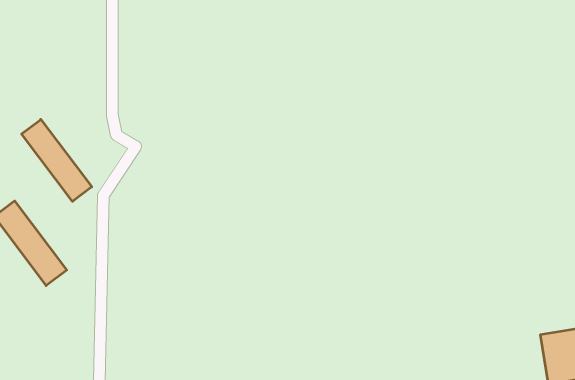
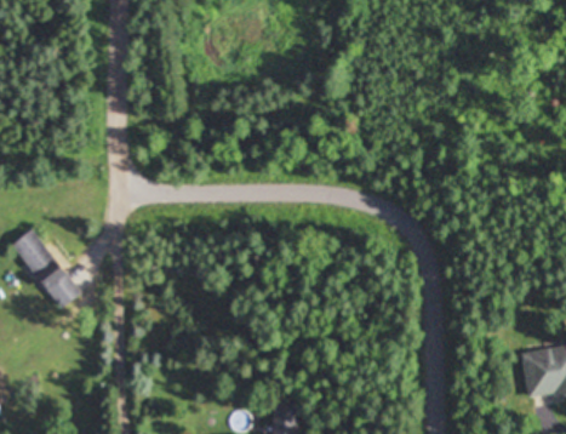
building: [22,119,92,201] -> none

